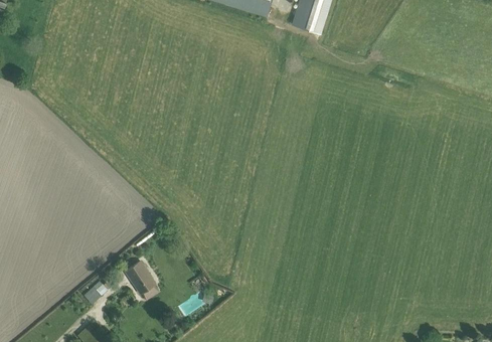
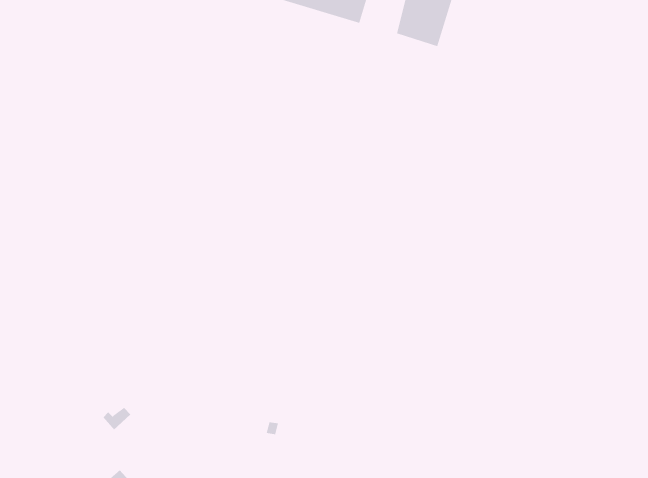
building: [126,261,159,300] -> none

